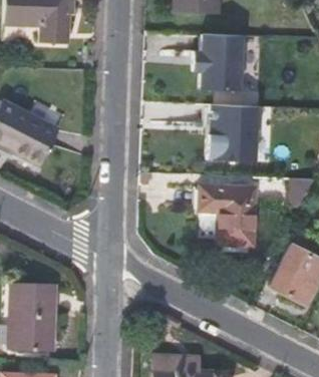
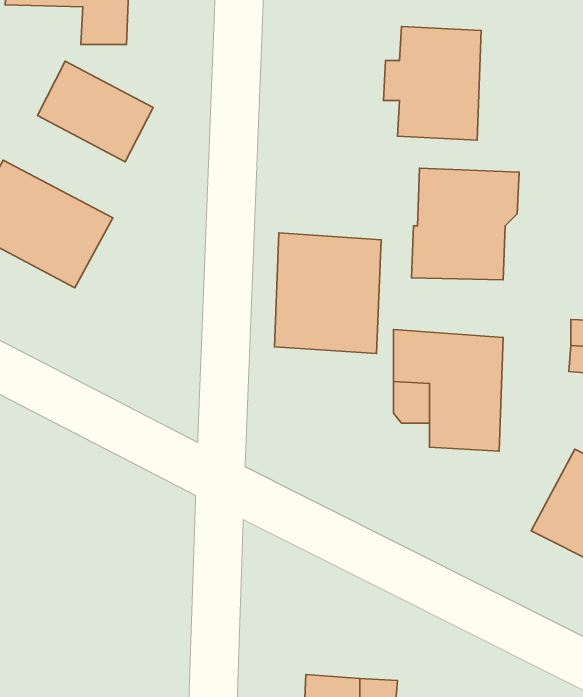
building: none -> [37,61,153,162]
building: none -> [274,233,381,354]
building: [12,282,60,351] -> none

